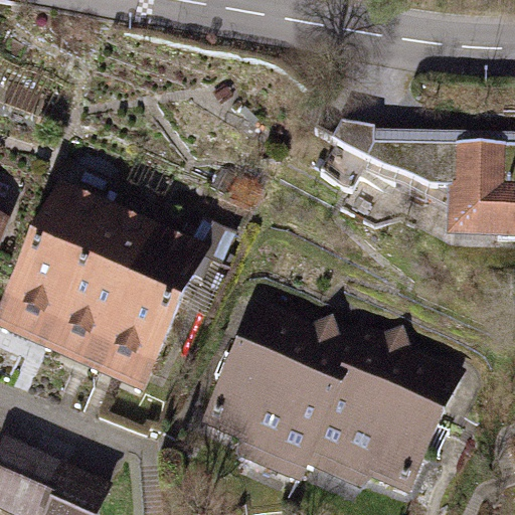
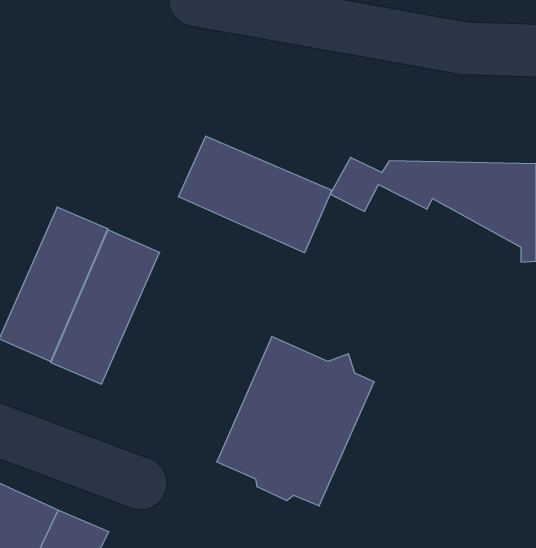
building: none -> [179,136,332,253]
building: [95,238,202,382] -> none
building: [305,344,451,502] -> none

